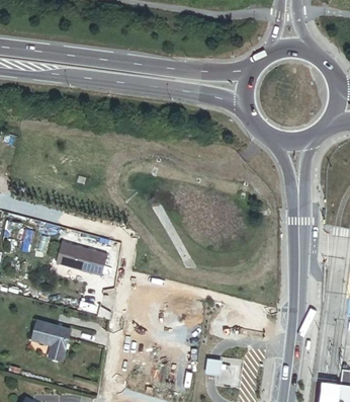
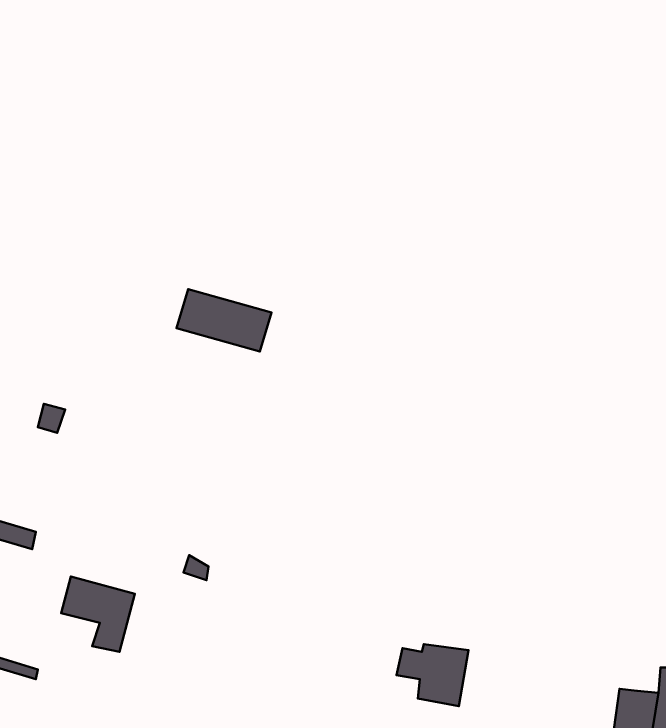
building: [56,244,105,276] -> [177,289,272,351]

